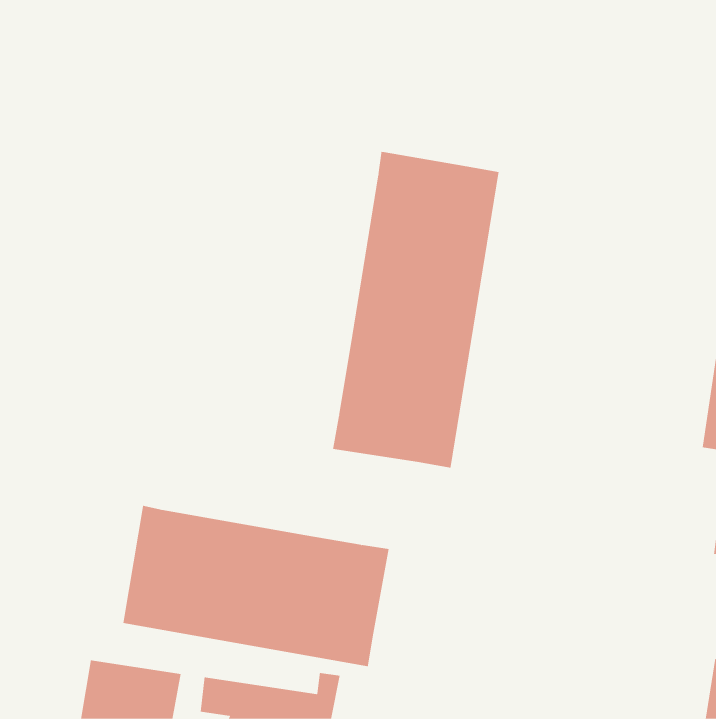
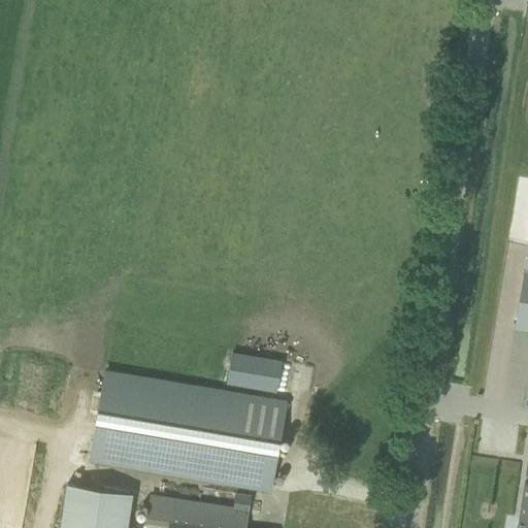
building: [332,151,499,468] -> none
building: none -> [228,355,284,391]

